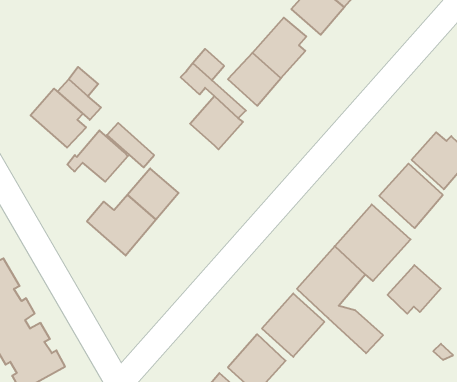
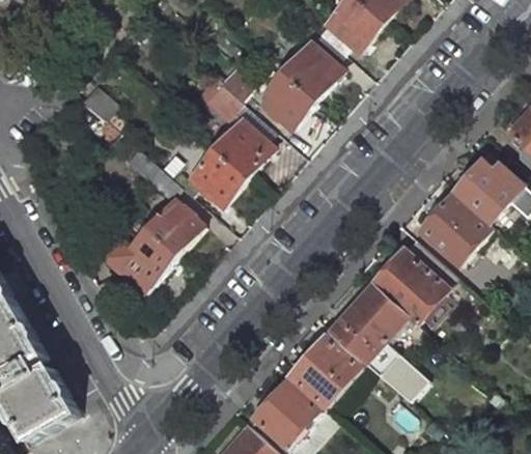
building: [31,89,86,148] -> none
building: [67,130,128,182] -> [179,150,246,206]
building: [388,265,441,314] -> none

